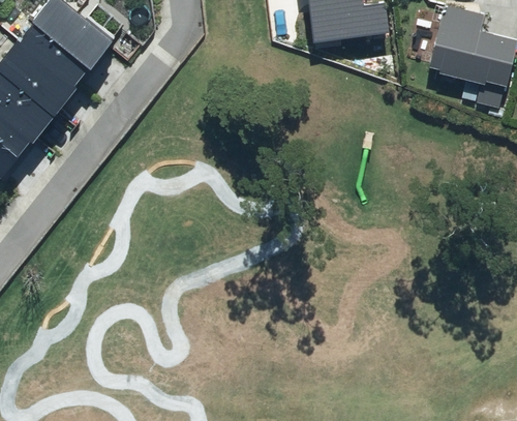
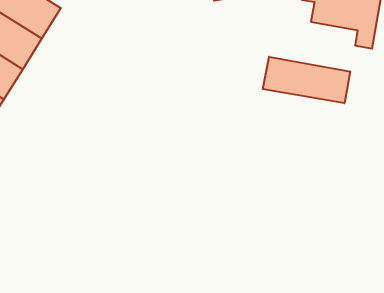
building: none -> [263,57,350,103]

